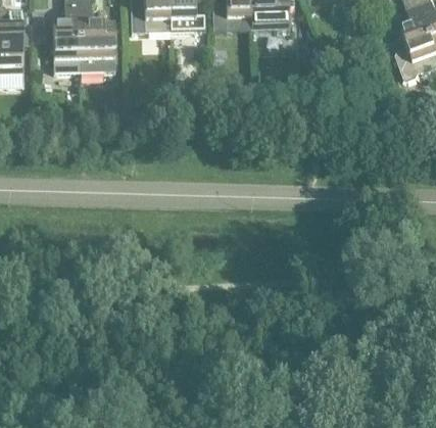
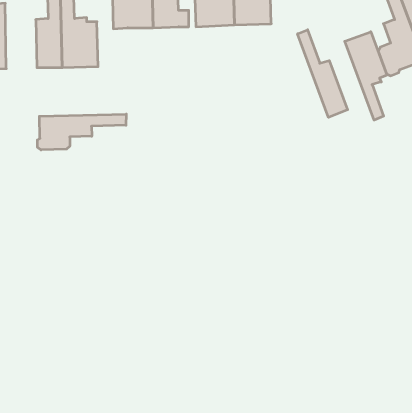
building: none -> [298,30,348,117]
building: none -> [345,32,387,120]
building: none -> [37,114,126,150]

